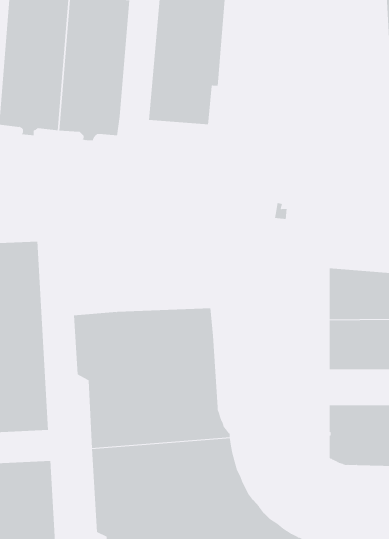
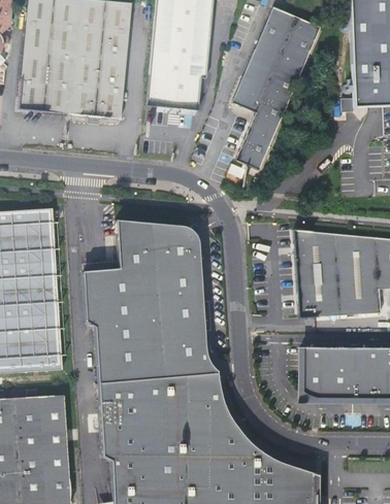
building: none -> [239,6,330,169]
building: none -> [116,219,200,267]

